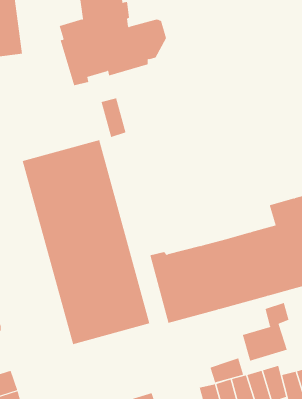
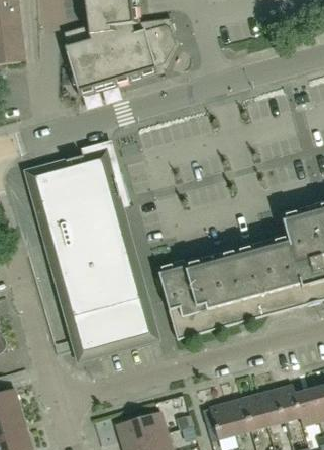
building: [101,97,126,138] -> none
building: [242,302,289,361] -> none
building: [201,357,244,383] -> none

